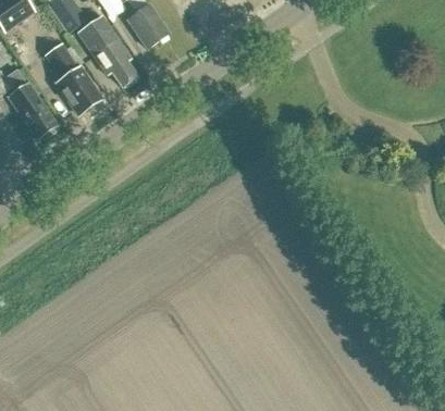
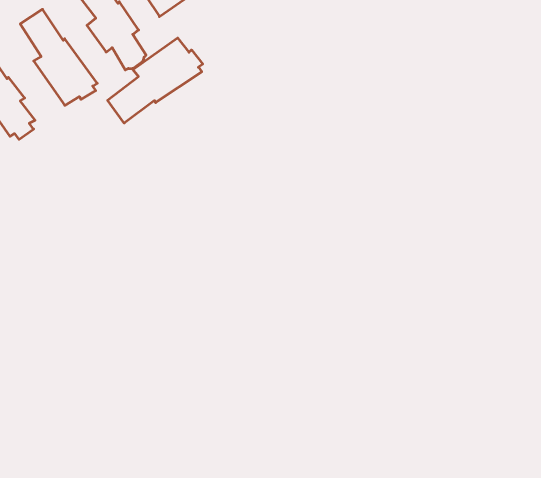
building: none -> [108,38,203,123]

